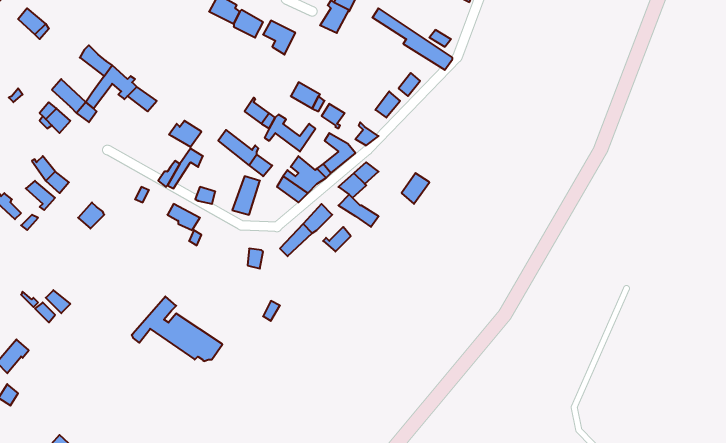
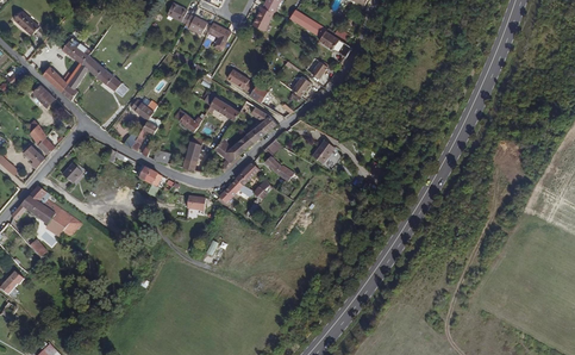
building: [132,296,222,361] -> [12,183,82,233]

